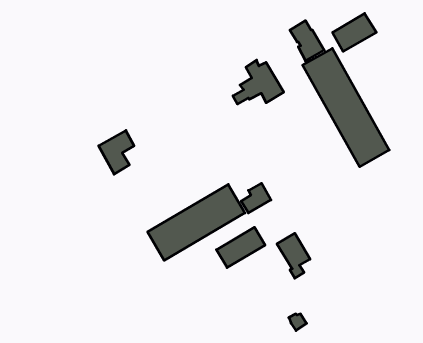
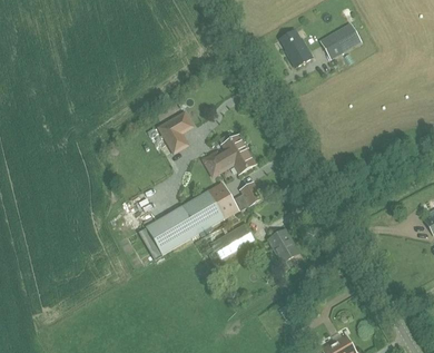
building: [303,48,389,167] -> none
building: [233,60,284,104] -> [207,133,255,174]
building: [99,130,134,174] -> [158,111,191,153]

